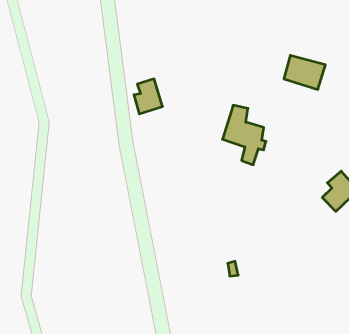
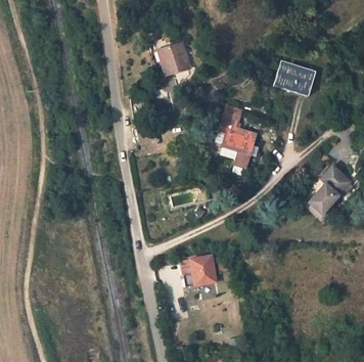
building: [134,79,163,114] -> [161,42,188,76]
building: none -> [191,255,216,284]

